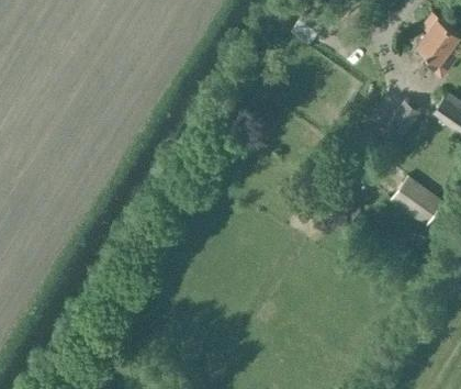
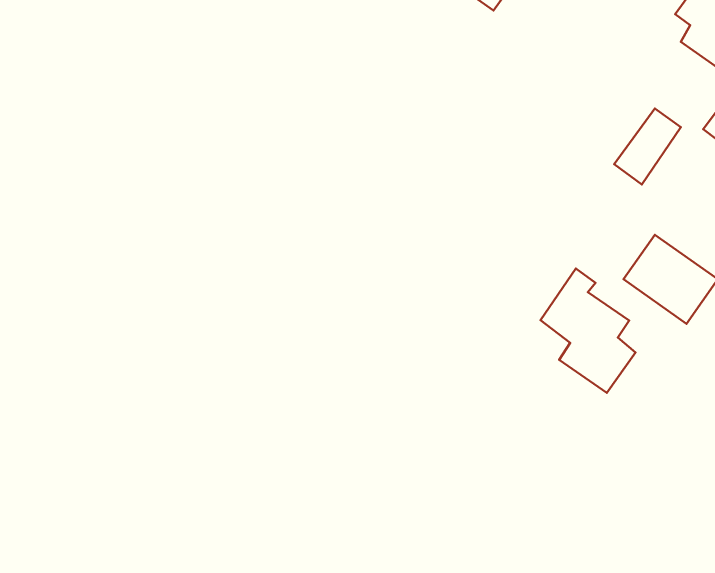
building: none -> [540,268,636,393]

